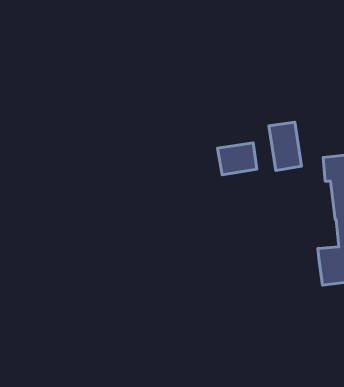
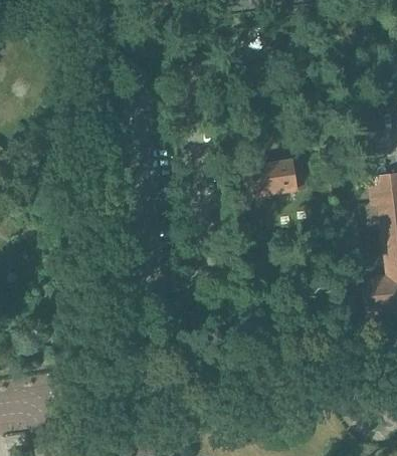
building: [269,122,301,171] -> none

